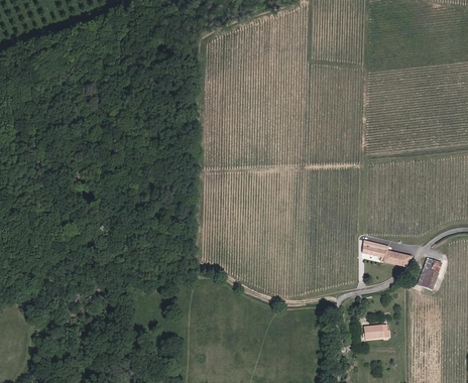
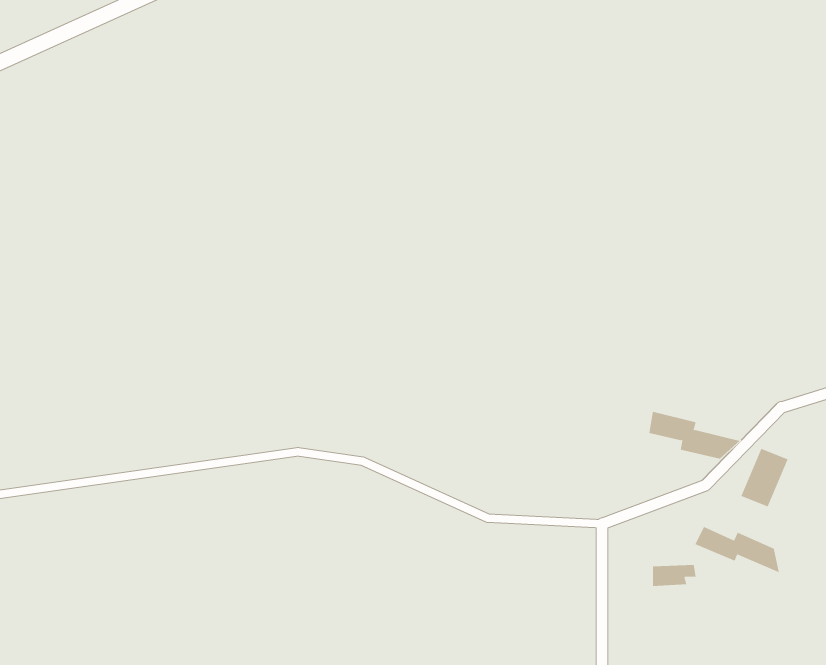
building: none -> [694,526,779,573]

